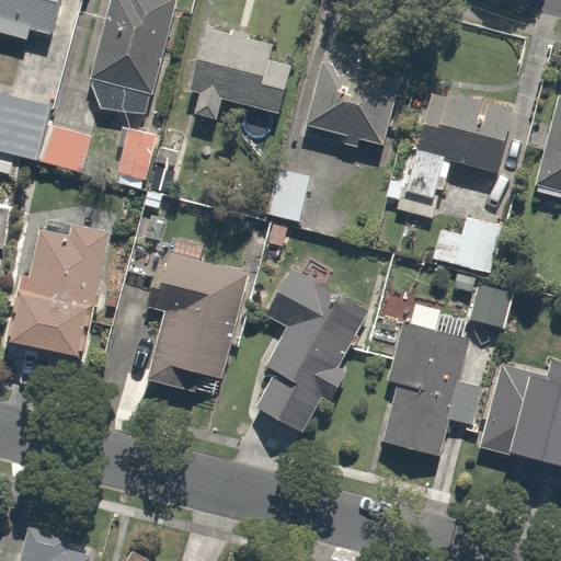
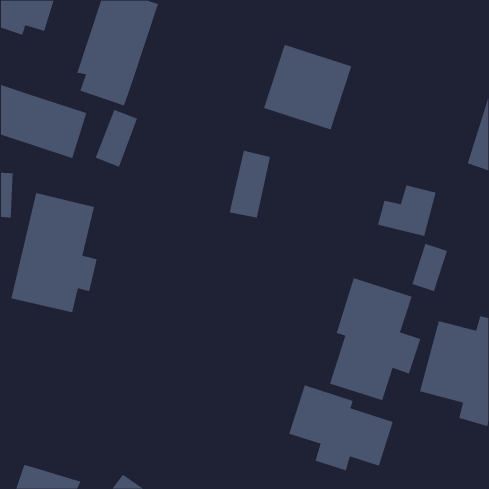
building: [191,25,288,125] -> none
building: [394,81,517,224] -> none
building: [145,243,249,391] -> none
building: [249,262,366,439] -> none
building: none -> [289,384,393,471]

